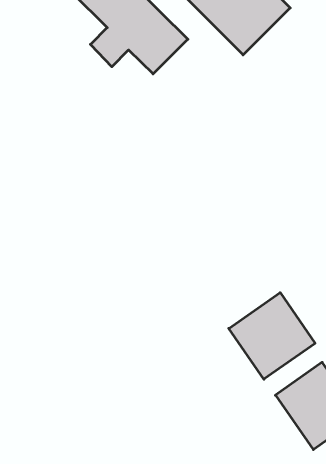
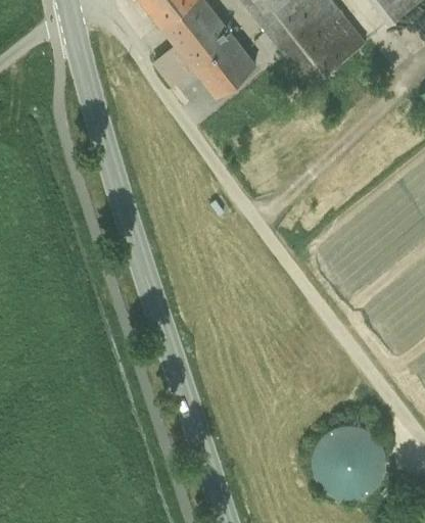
building: [229,293,315,379] -> none

